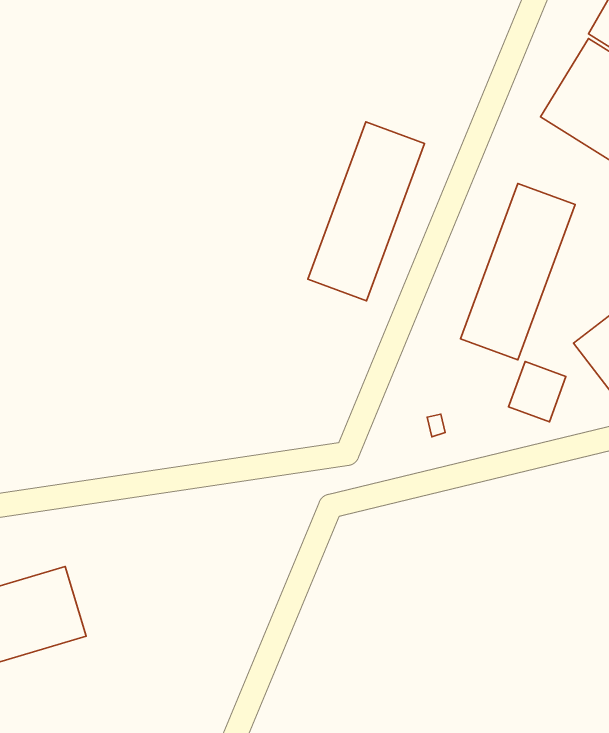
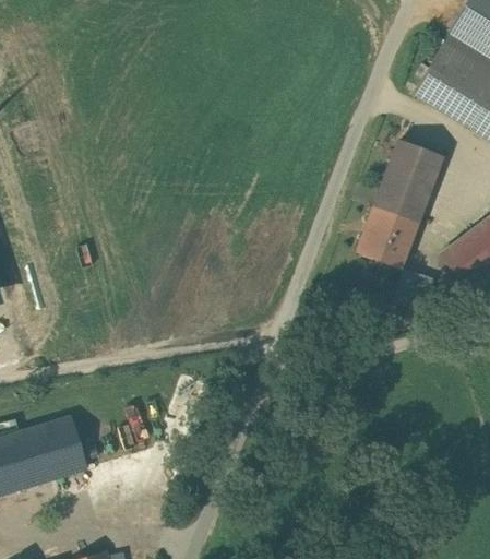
building: [308,122,425,301] -> none

